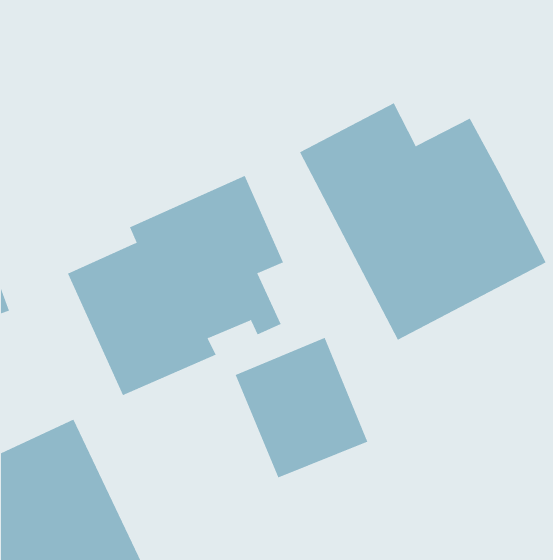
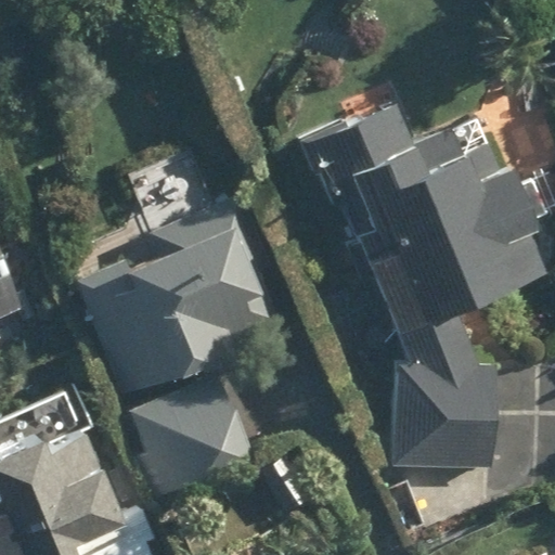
building: [235,337,368,478] -> [126,374,257,513]
building: none -> [395,367,499,468]

